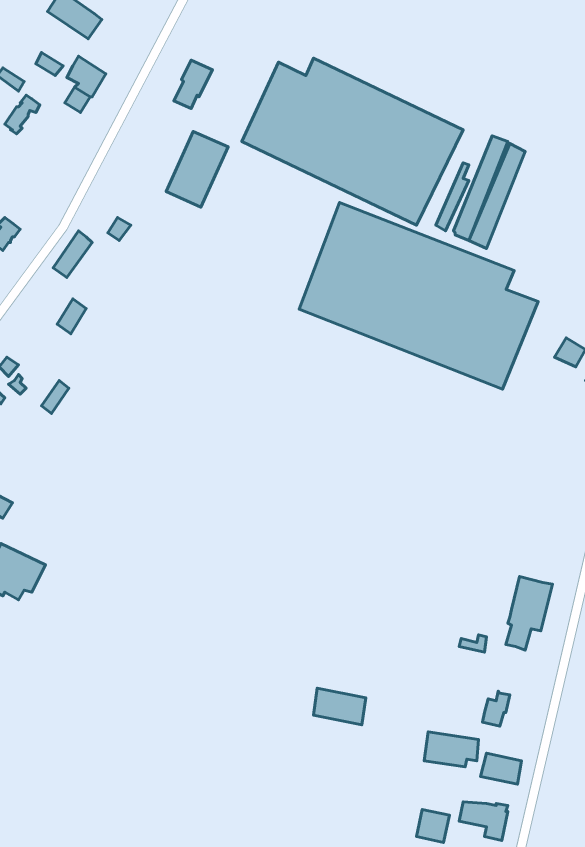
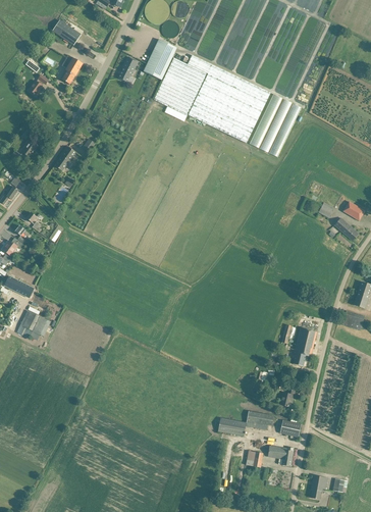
building: [166,131,228,207] -> [144,40,176,80]
building: [299,203,538,389] -> none
building: [313,688,366,725] -> [218,417,246,437]

